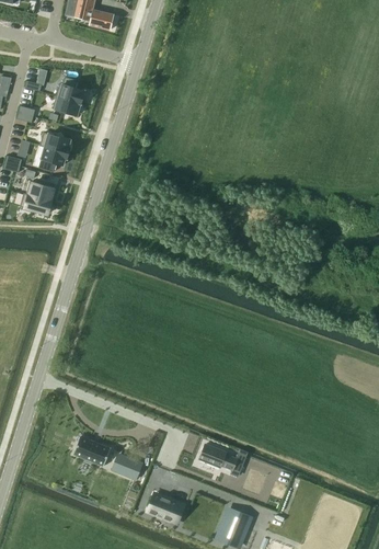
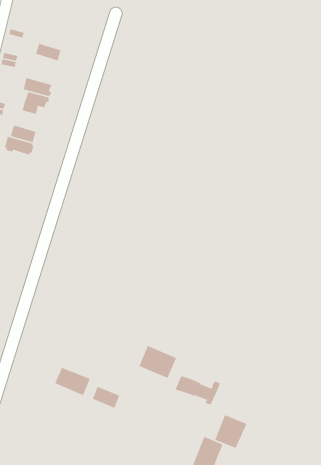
building: [56,76,83,103] -> none
building: none -> [138,345,177,379]
building: none -> [214,414,247,449]
building: [147,493,182,521] -> none

